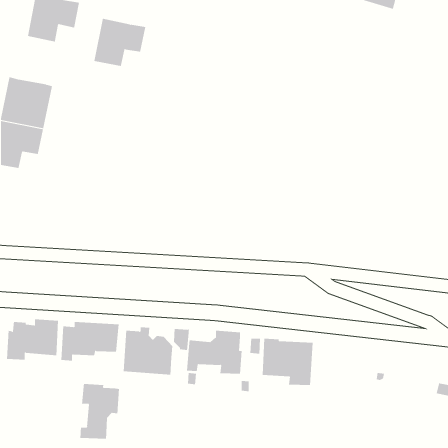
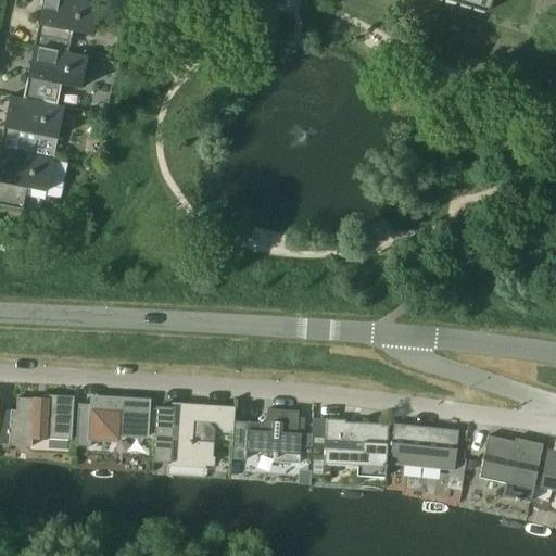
building: [93,18,146,66] -> [24,45,89,104]
building: none -> [390,422,459,470]
building: none -> [479,435,543,502]
building: [80,383,120,440] -> none

